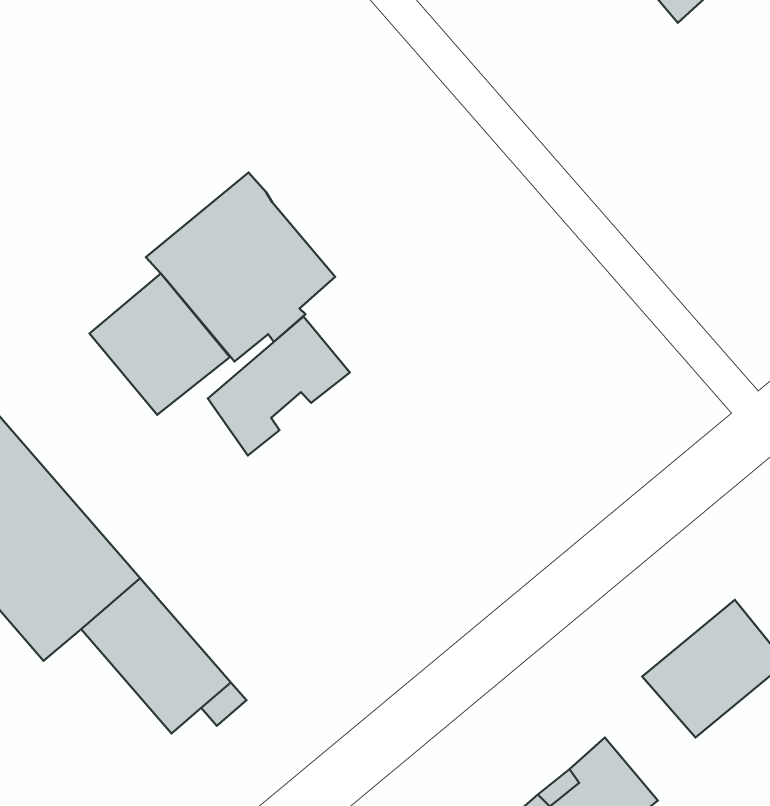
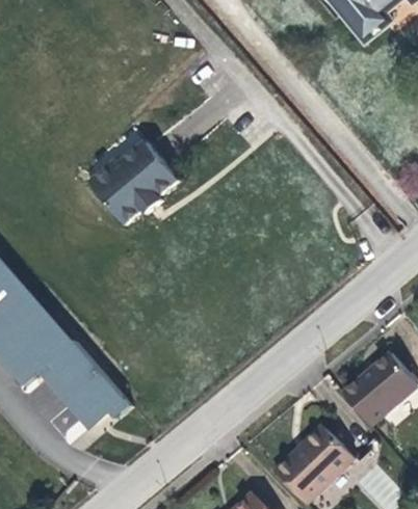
building: [89,274,230,415] -> none
building: [208,317,350,456] -> none

